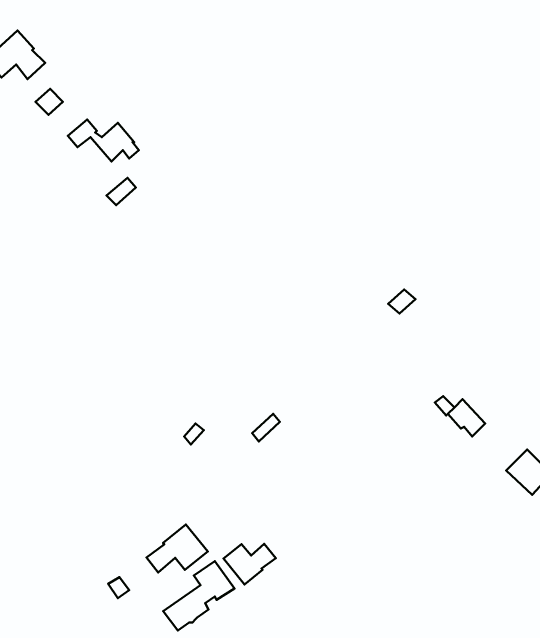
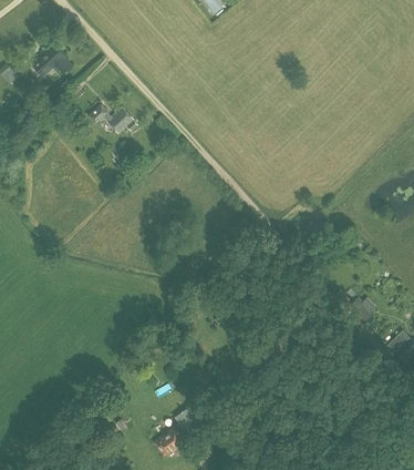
building: [146,525,208,573] -> none
building: [224,544,276,584] -> none

